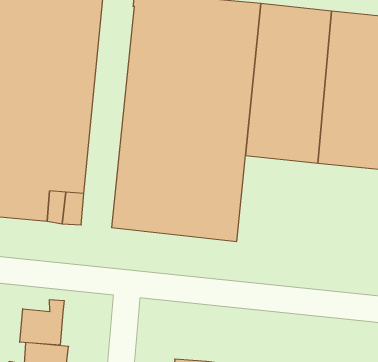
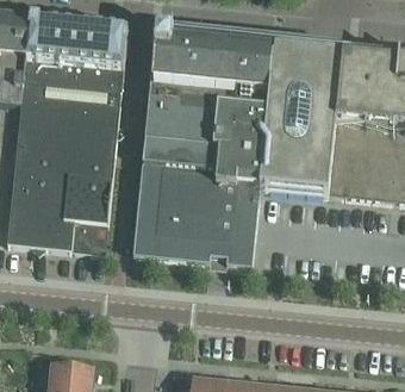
building: [20,300,64,345] -> none

